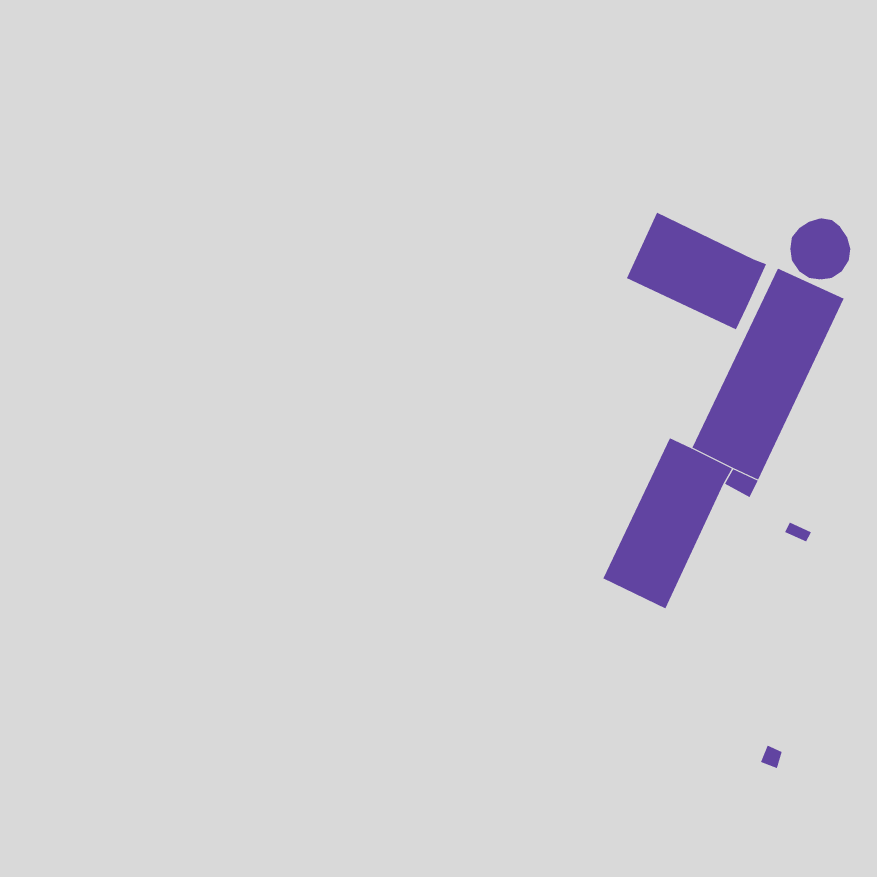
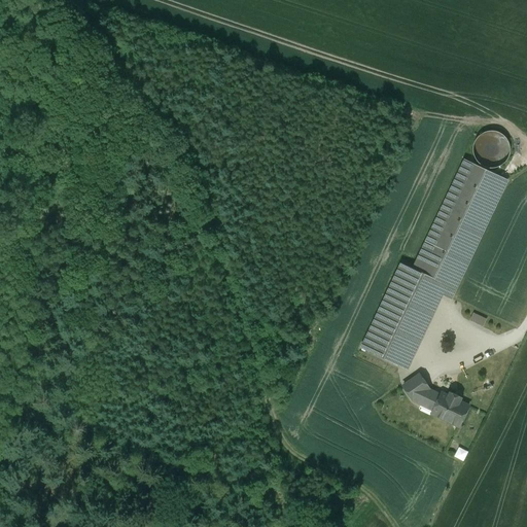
building: [626,212,767,330] -> none
building: none -> [403,375,469,426]

